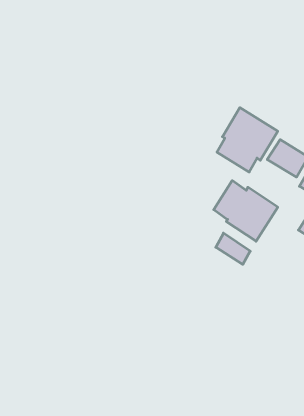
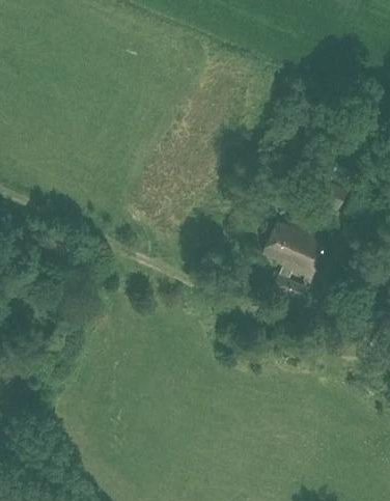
building: [217,108,278,172] -> none

